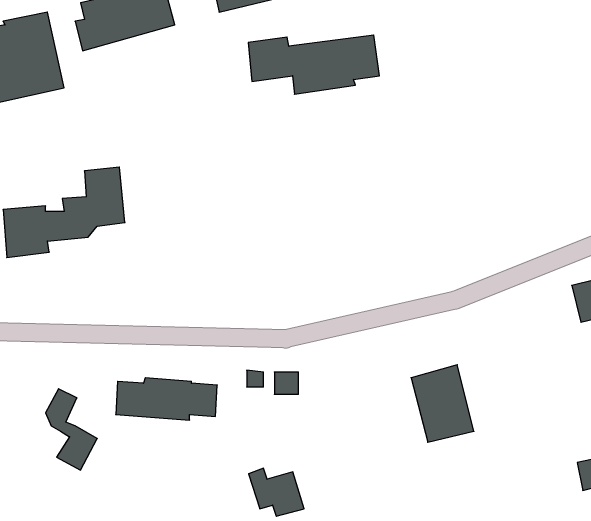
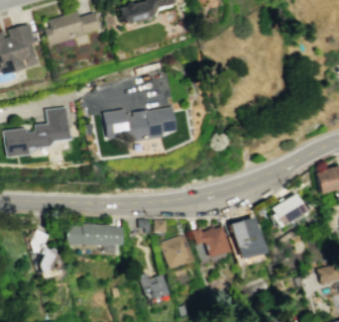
building: [248,35,379,94] -> [105,109,177,141]
building: none -> [270,195,306,227]
building: none -> [193,228,230,257]
building: none -> [160,237,193,269]

